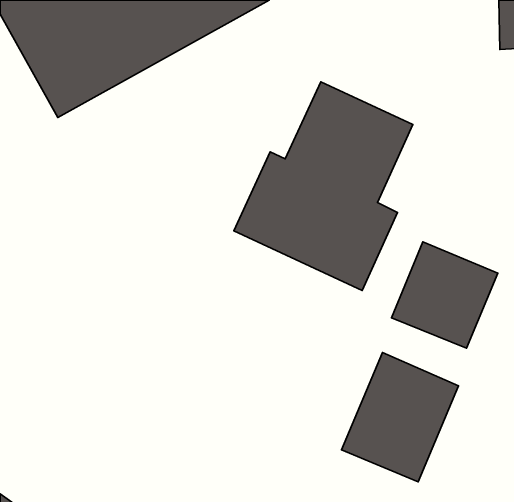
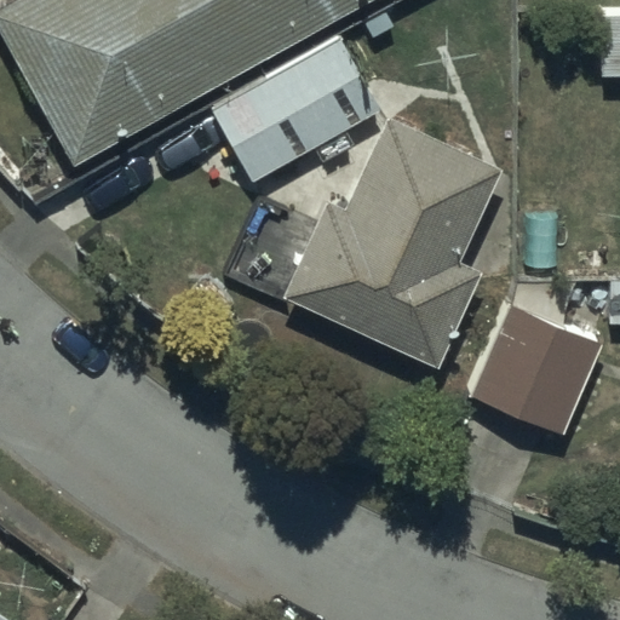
building: none -> [211,39,379,183]
building: [341,353,459,482] -> none

